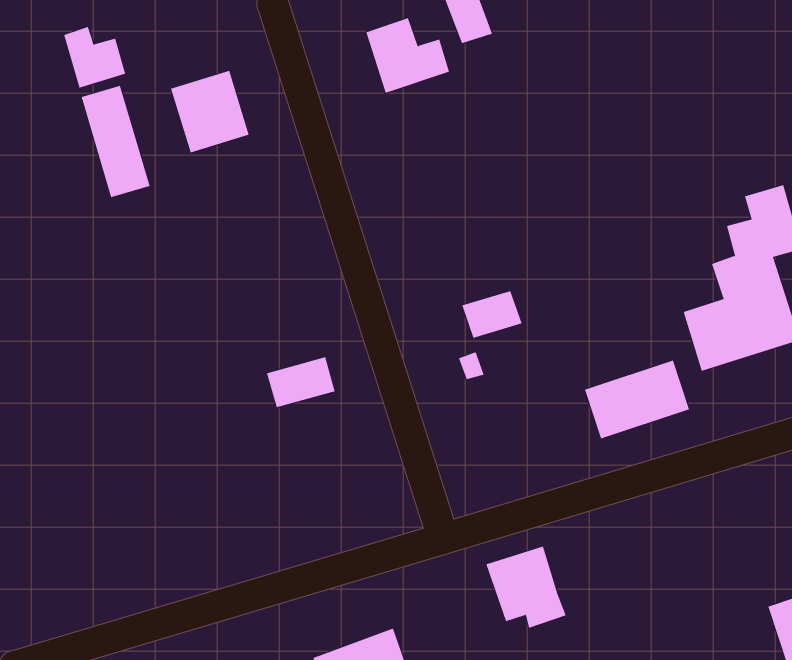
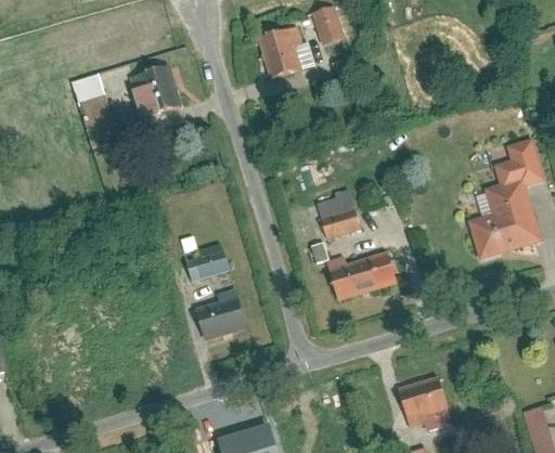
building: [63,26,126,88] -> none
building: [584,360,690,439] -> [326,249,396,301]
building: none -> [201,296,258,344]
building: [485,546,567,629] -> [399,376,452,430]

